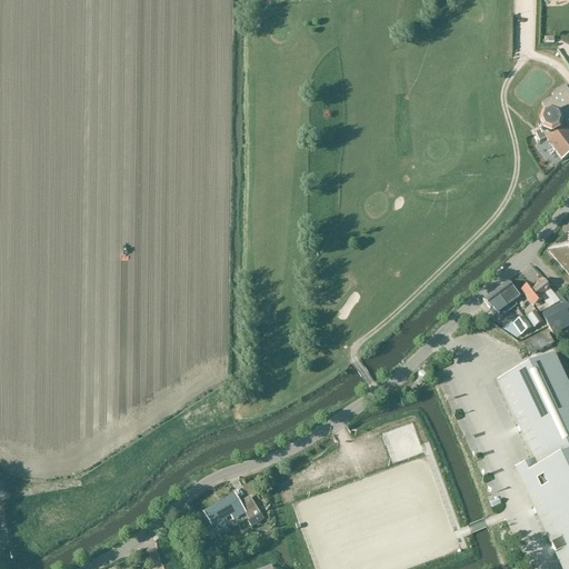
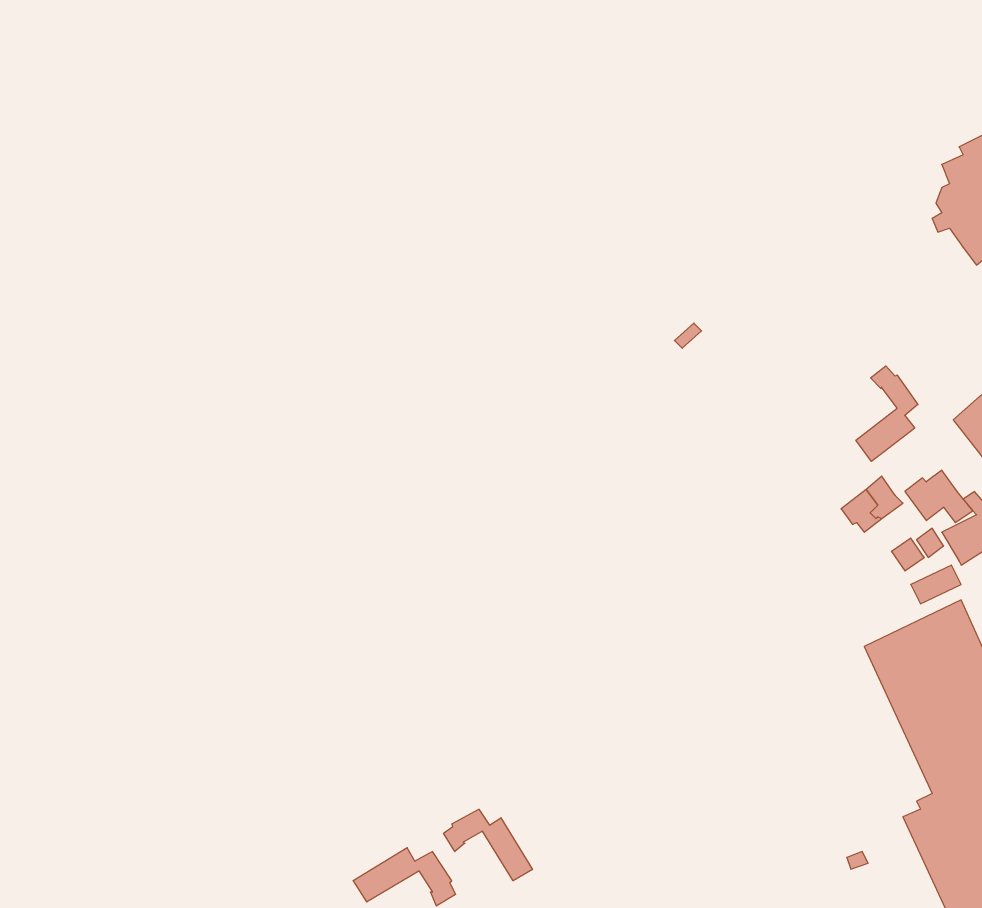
building: none -> [856,366,918,461]
building: none -> [444,809,532,881]

